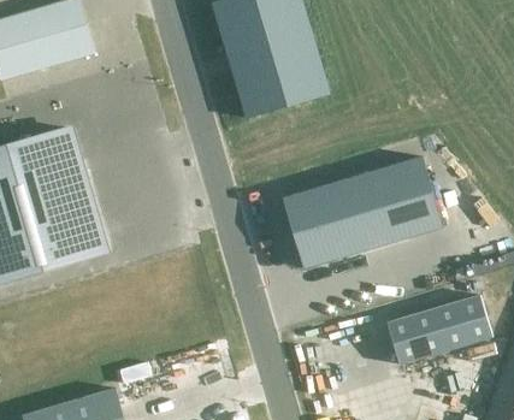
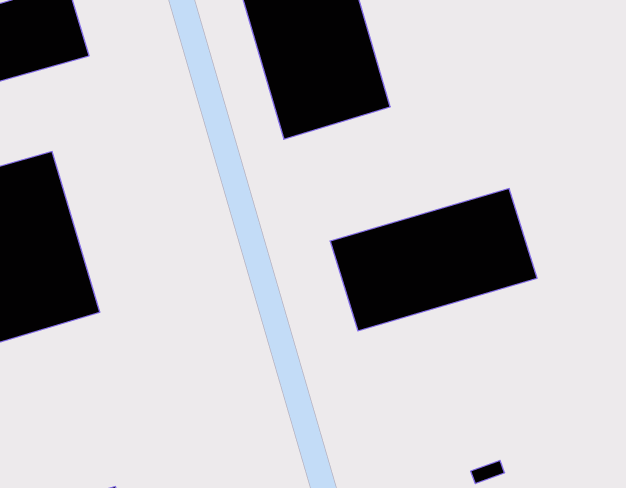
building: [386,295,492,365] -> none

